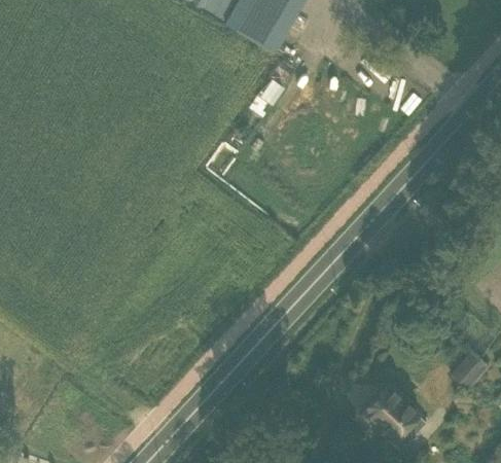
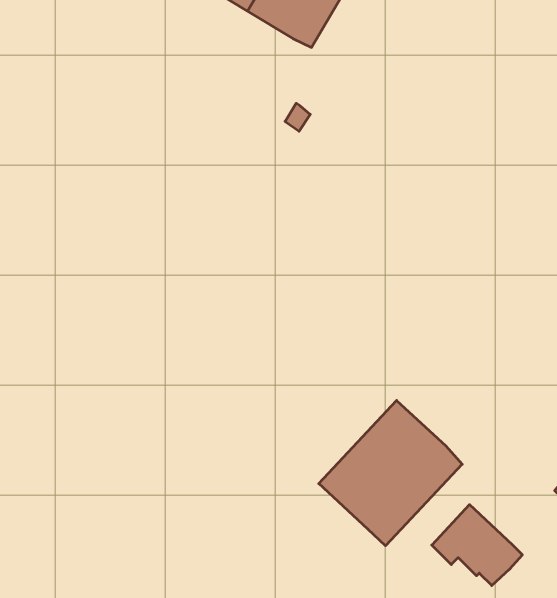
building: none -> [319,400,462,546]

